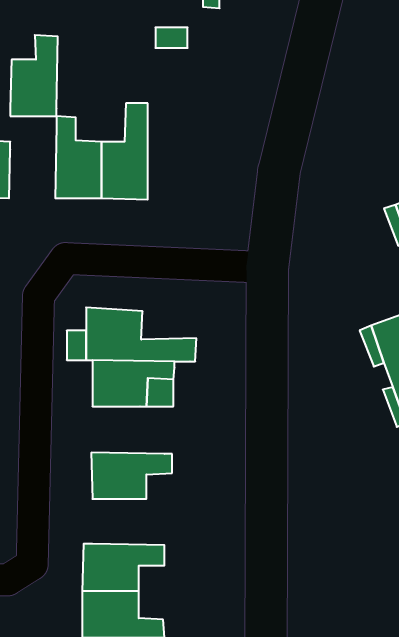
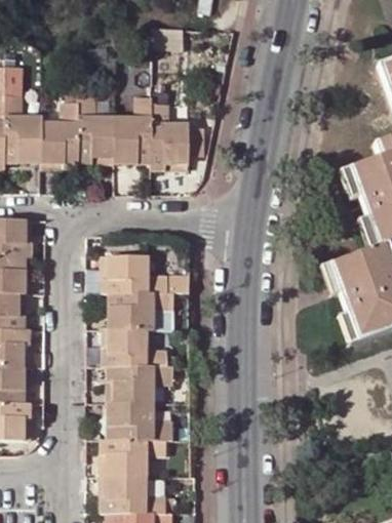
building: [10,35,58,116] -> [42,104,80,168]
building: none -> [153,106,190,170]
building: none -> [102,327,166,366]
building: none -> [109,402,172,439]

